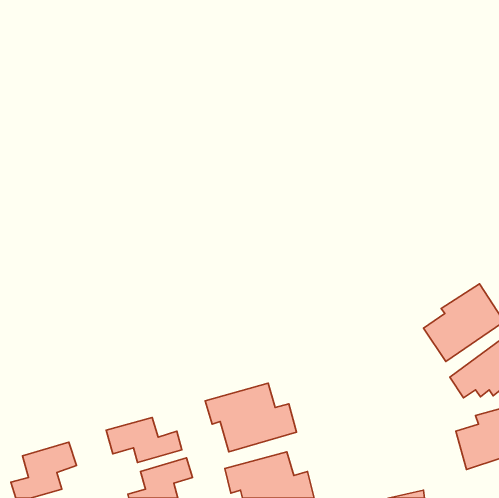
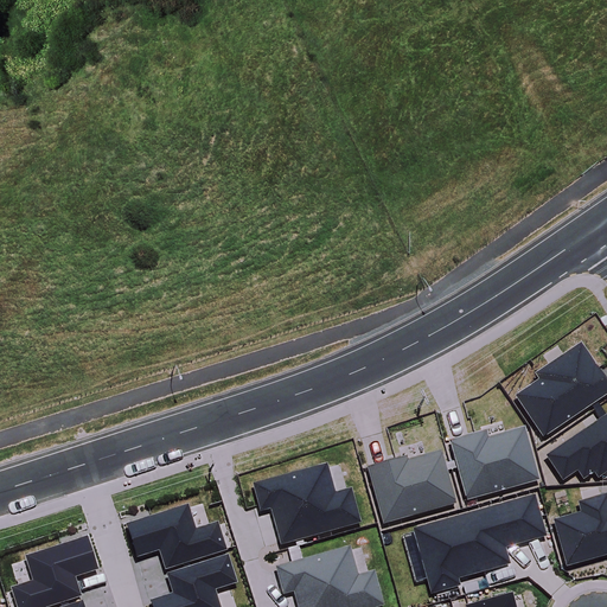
building: none -> [449,427,539,500]
building: none -> [366,451,456,524]
building: none -> [413,494,547,593]

